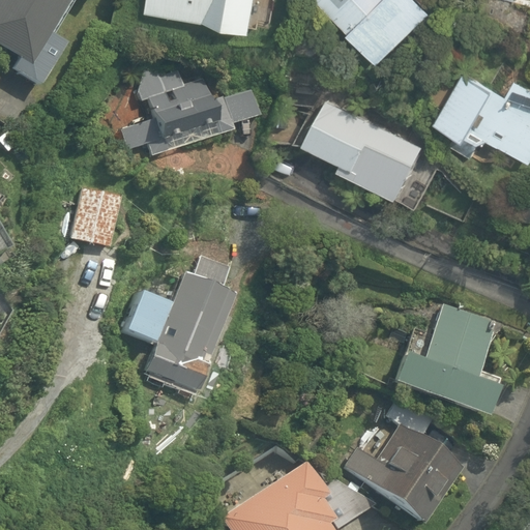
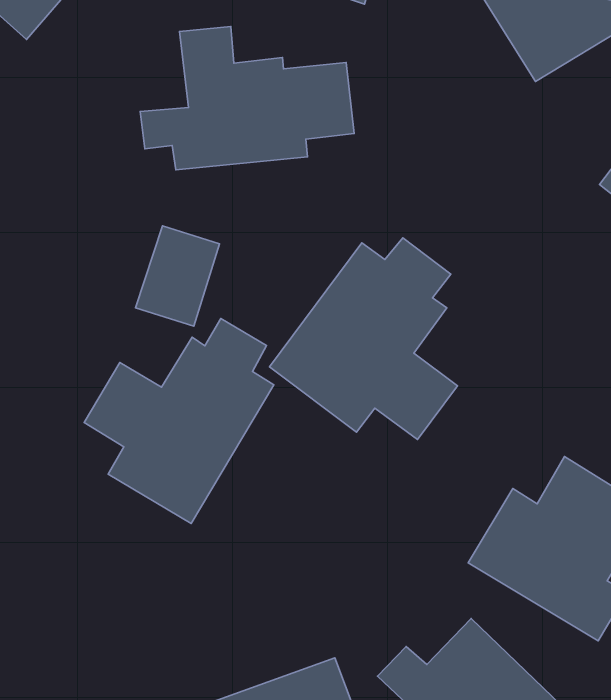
building: [304,92,429,200] -> none
building: none -> [269,238,458,440]
building: [68,187,116,249] -> [136,226,219,326]

